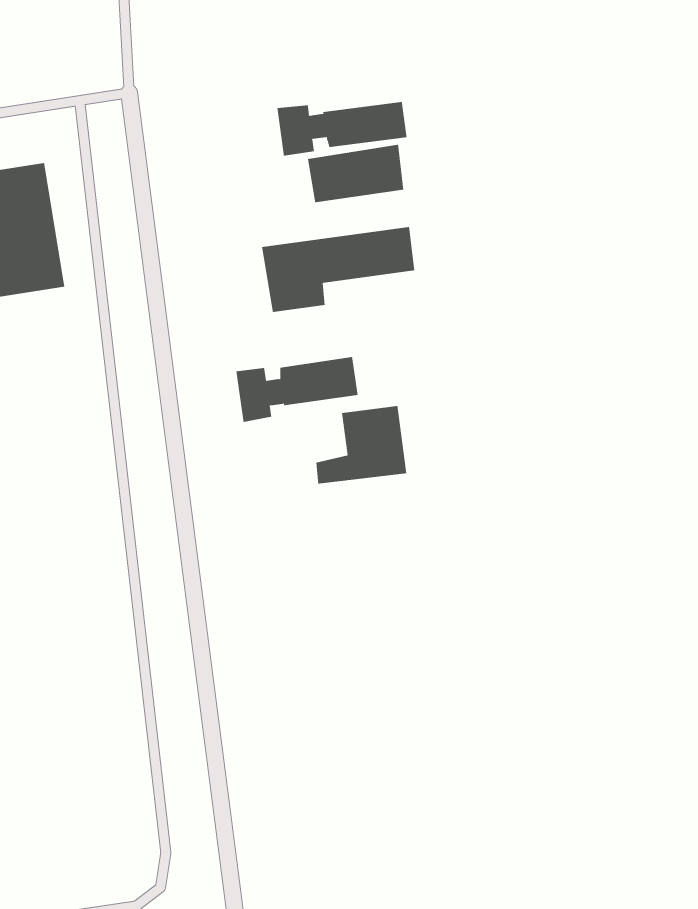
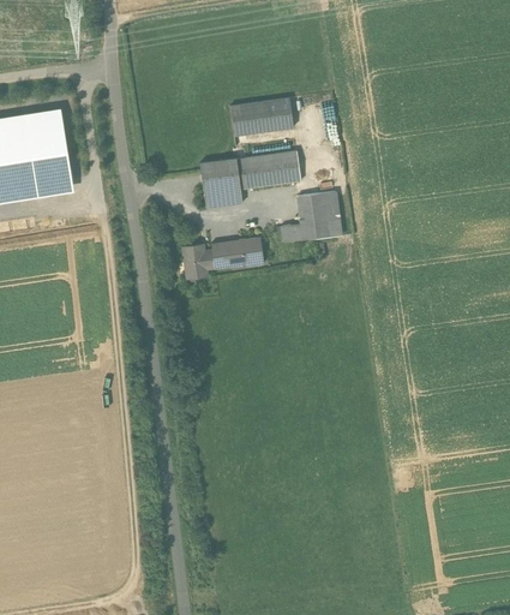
building: [277,101,407,157] -> none
building: [316,406,407,484] -> [281,191,341,243]

